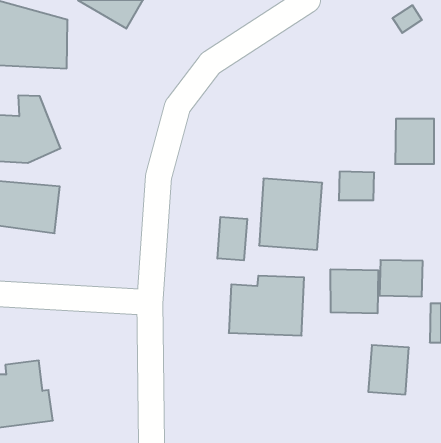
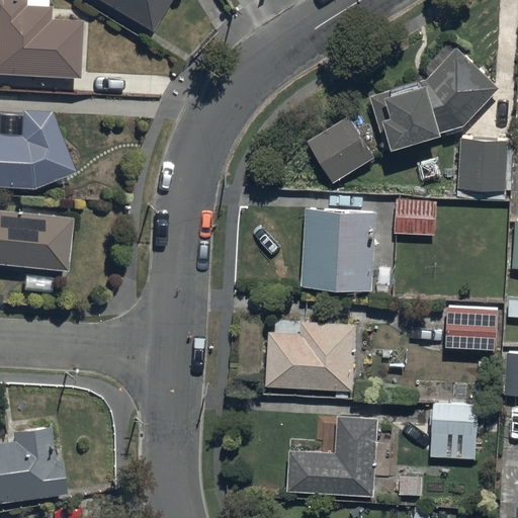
building: none -> [369,45,501,155]
building: none -> [308,115,374,182]
building: [217,217,247,260] -> none
building: [331,269,378,313] -> none
building: none -> [288,414,377,497]

